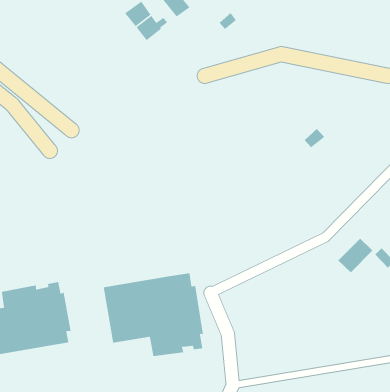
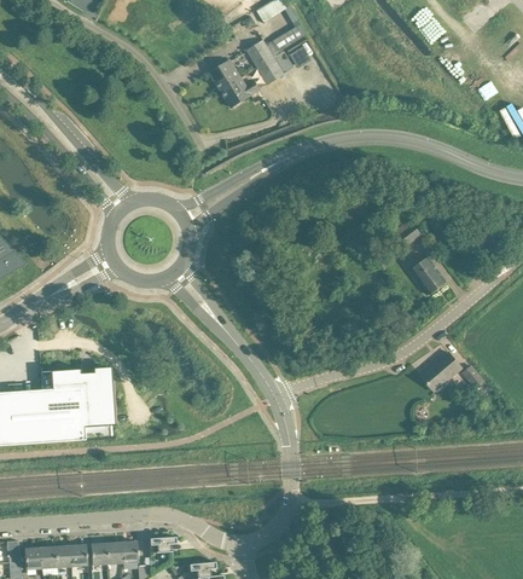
building: none -> [411,256,447,295]
building: [103,272,204,361] -> none

